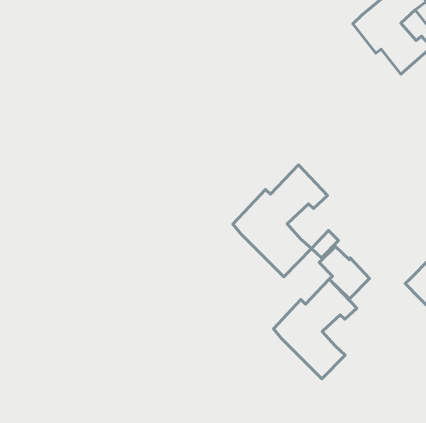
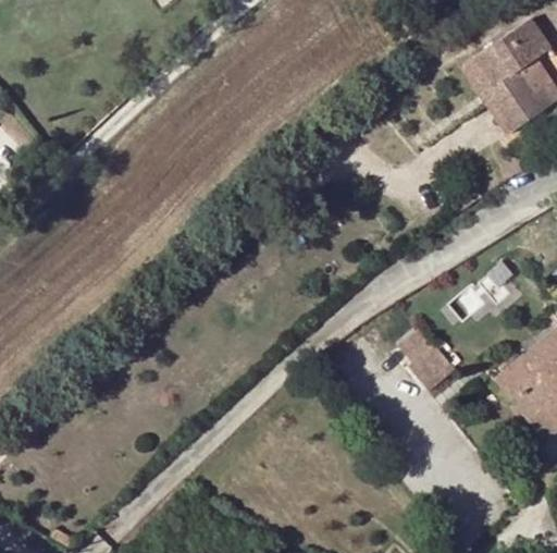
building: [233,165,328,277] -> none
building: [273,279,357,379] -> none

